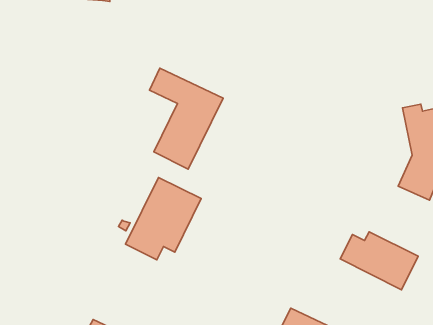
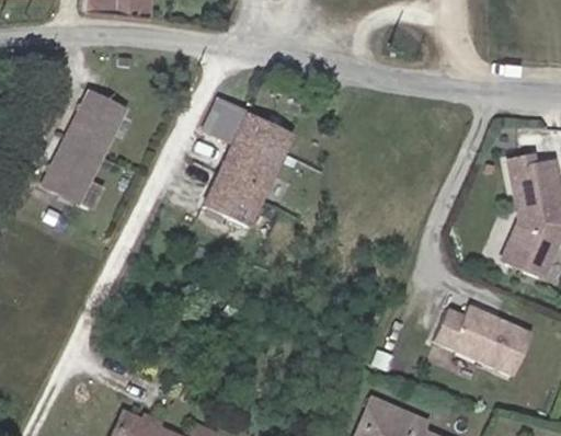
building: none -> [44,88,125,198]
building: [126,178,201,260] -> none

